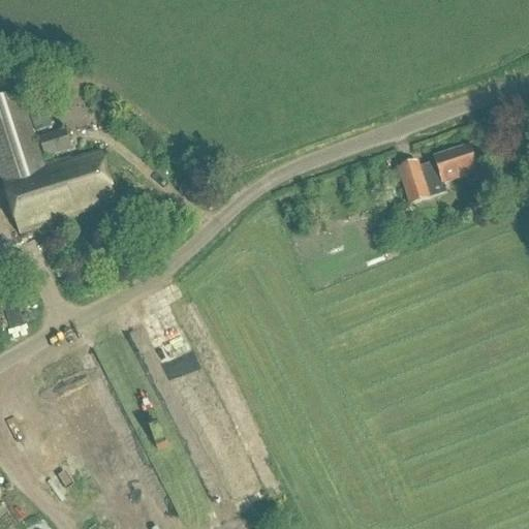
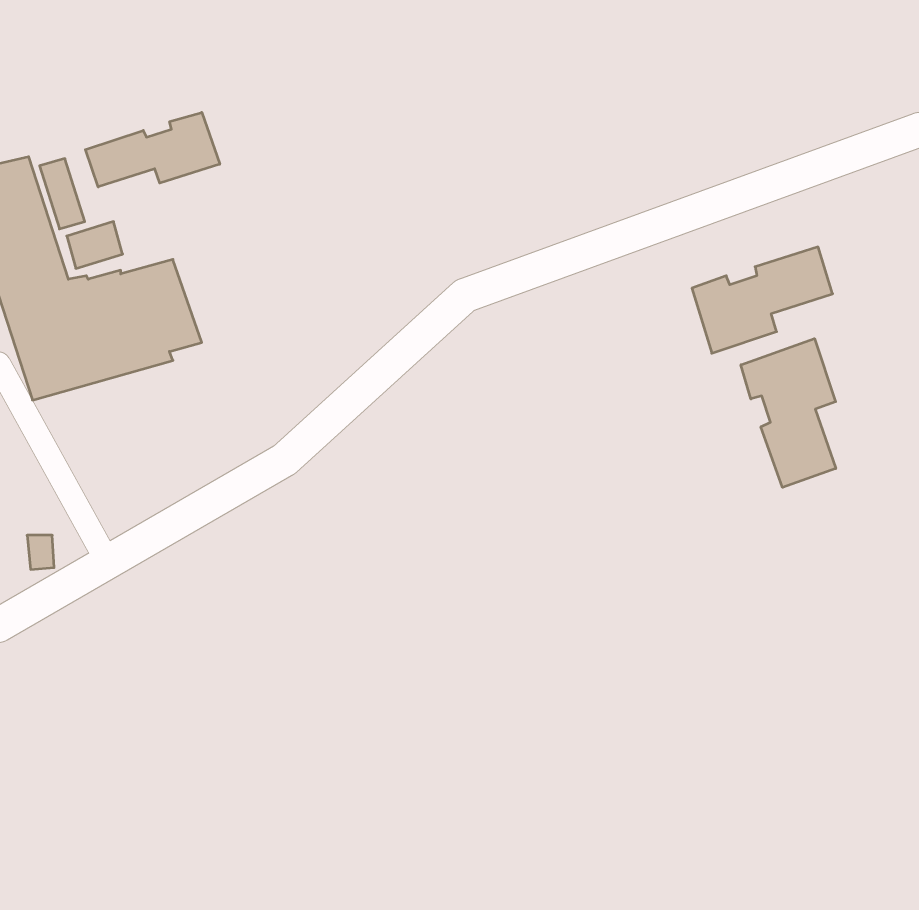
building: none -> [85,112,220,187]
building: none -> [741,339,836,487]

